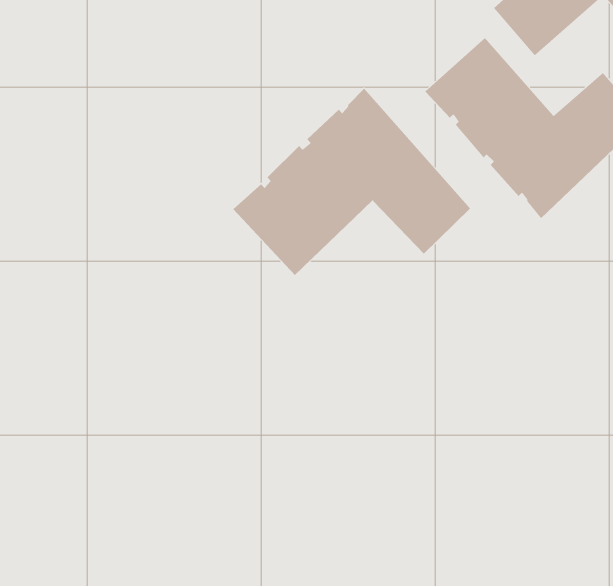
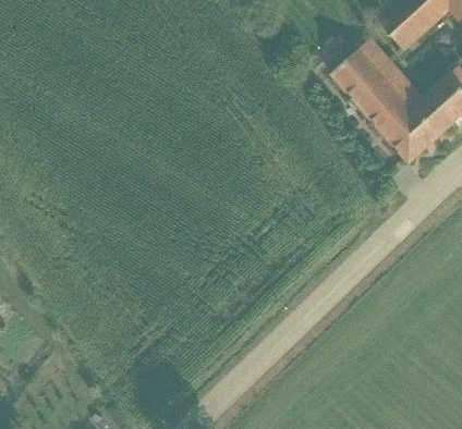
building: [232,88,471,276] -> none

